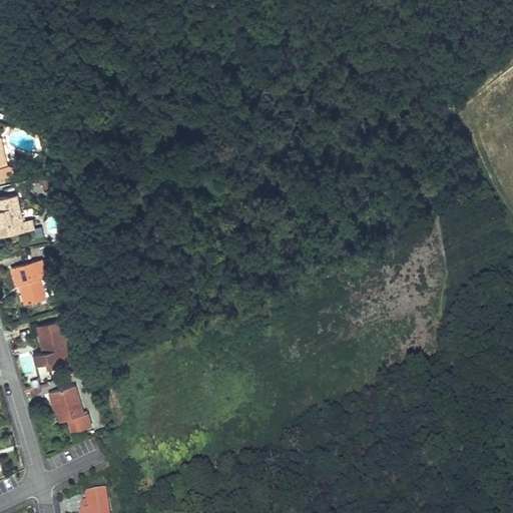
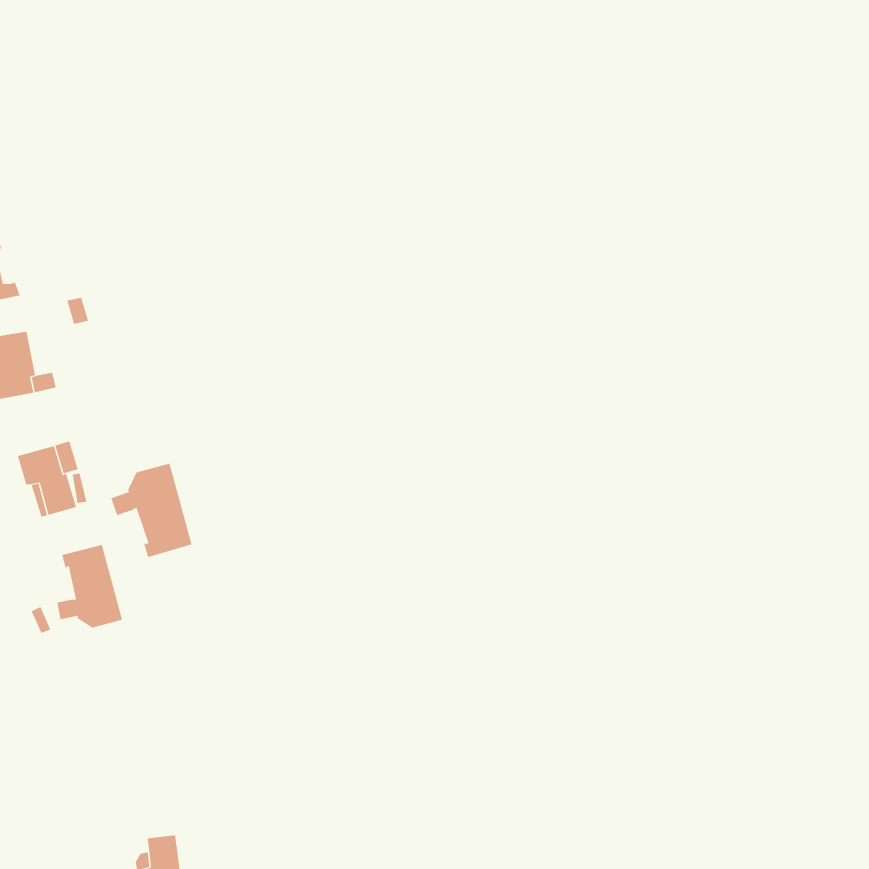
building: none -> [110,463,192,558]
building: [49,387,90,433] -> none

